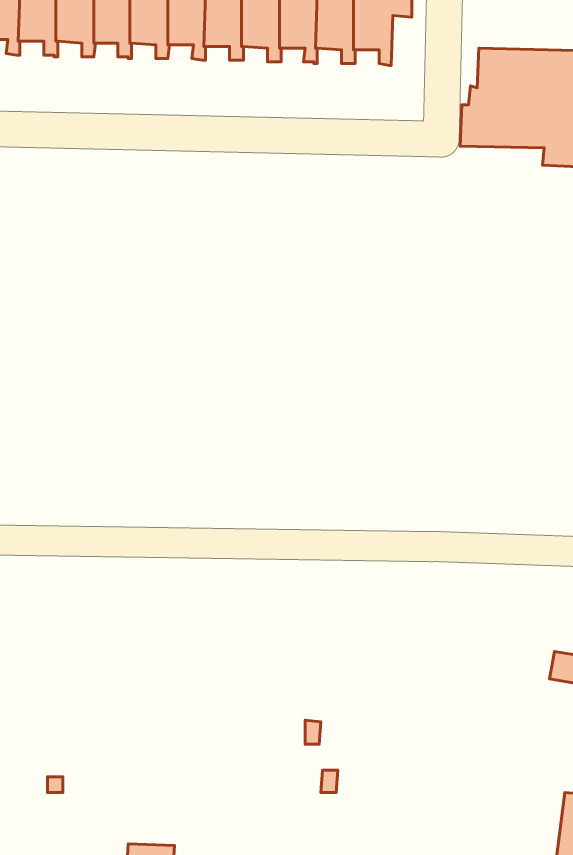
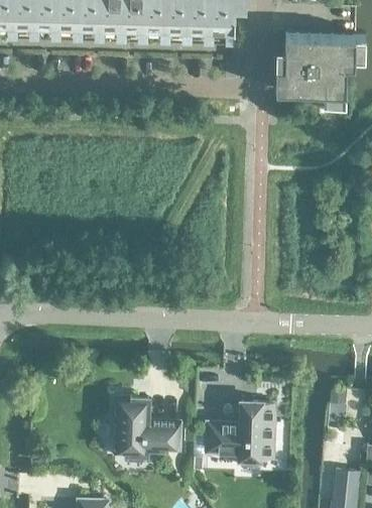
building: none -> [115,396,179,454]
building: none -> [207,401,273,459]

